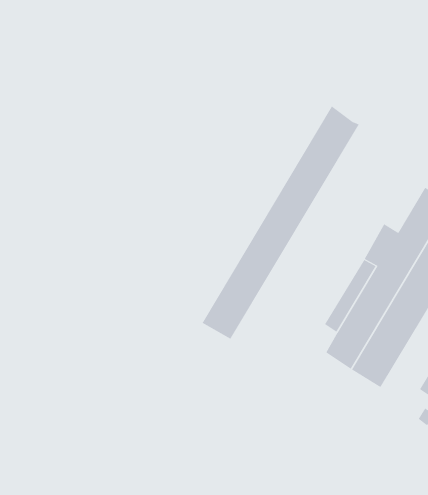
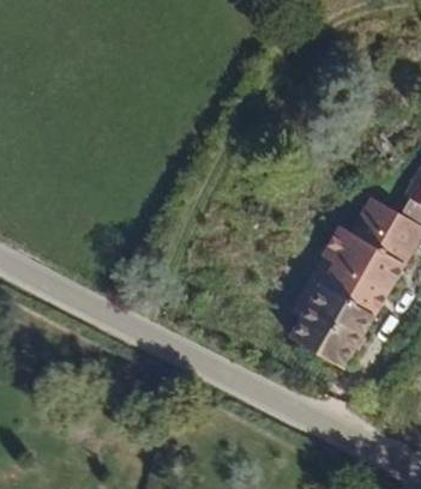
building: [202,105,359,339] -> none

